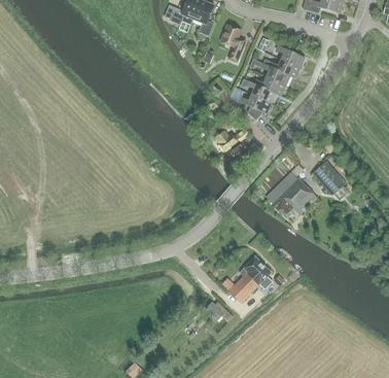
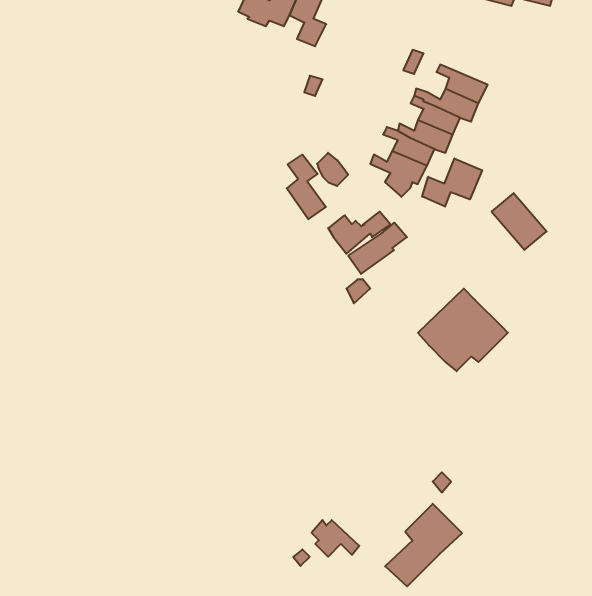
building: [220,24,245,61] -> none
building: none -> [287,155,326,219]
building: none -> [422,158,482,207]
building: [313,162,344,194] -> [492,193,547,250]
building: [228,255,272,302] -> [385,504,462,586]

